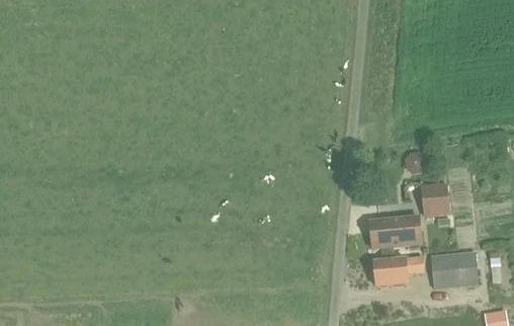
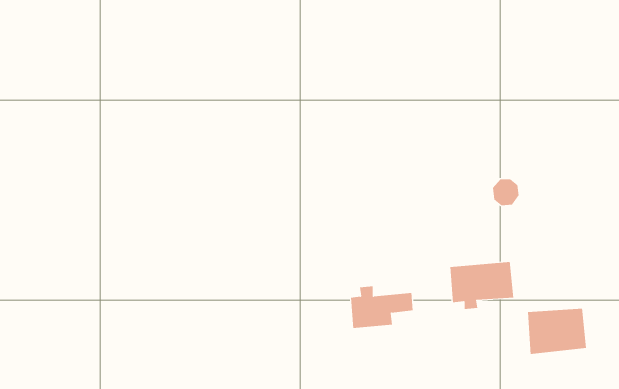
building: [421,182,449,216] -> none
building: [374,252,424,286] -> [350,286,413,329]

